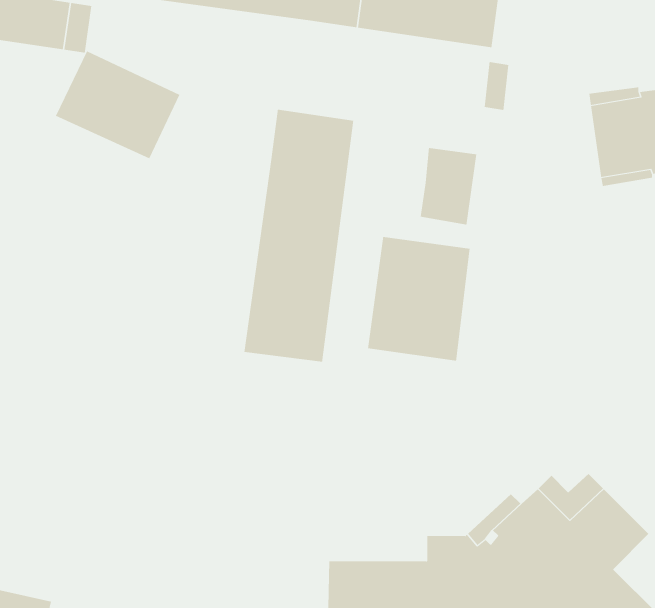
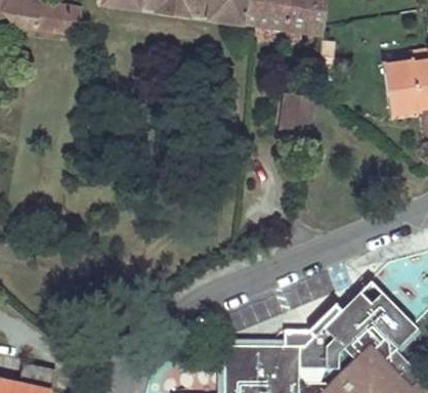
building: [55,50,180,159] -> none
building: [244,109,354,363] -> none
building: [367,236,470,362] -> none

